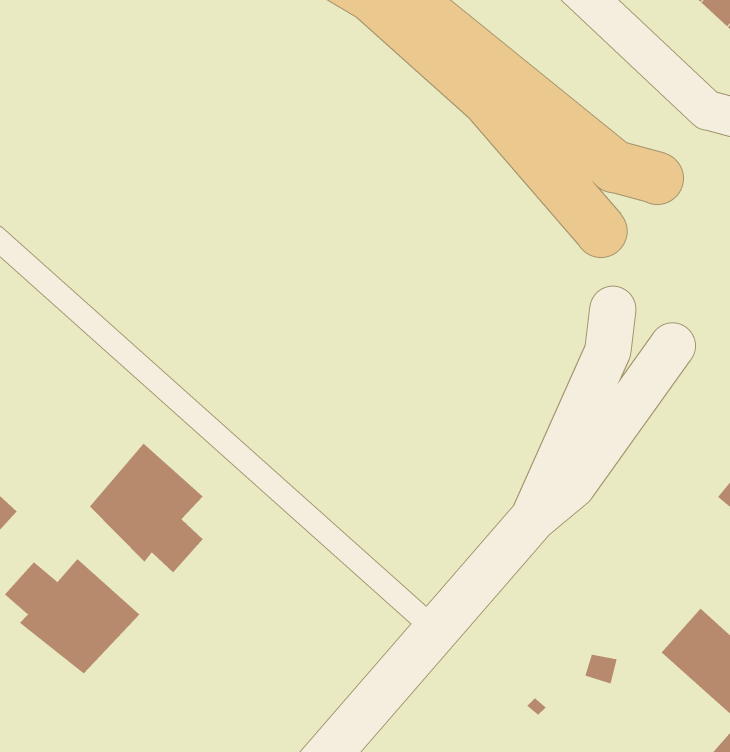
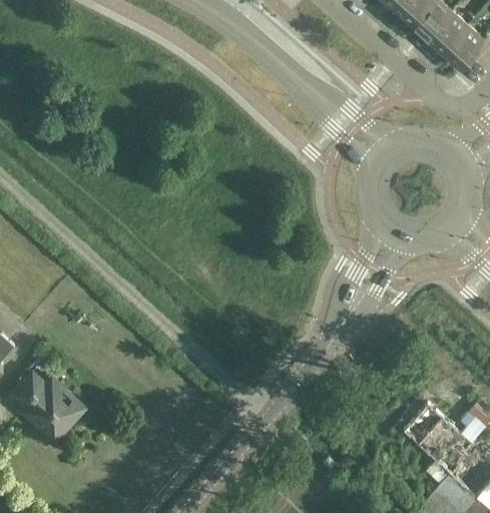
building: [89,443,203,573] -> none

